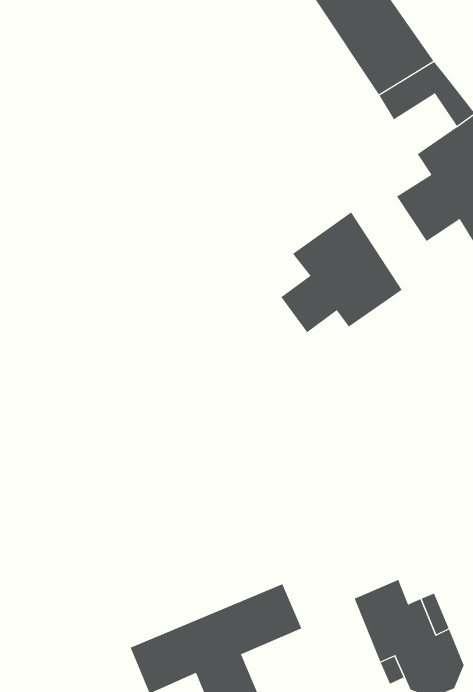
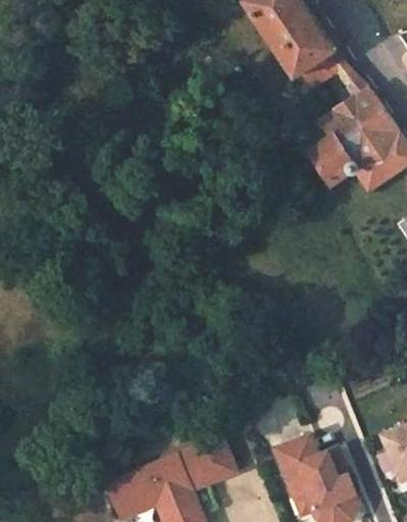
building: [281,212,402,333] -> none

